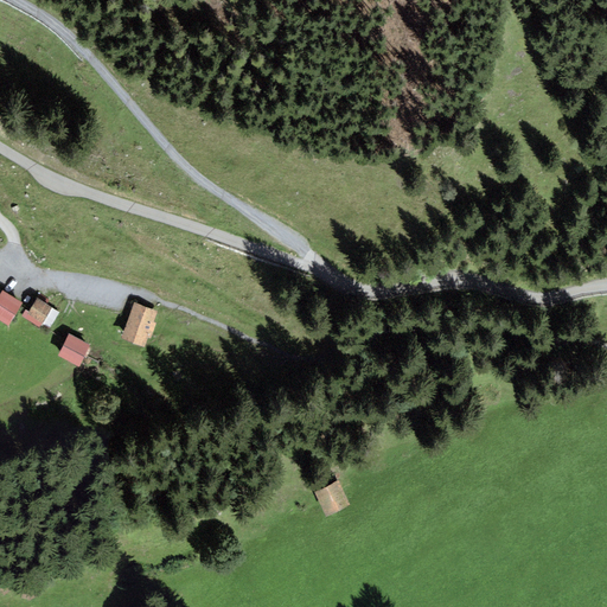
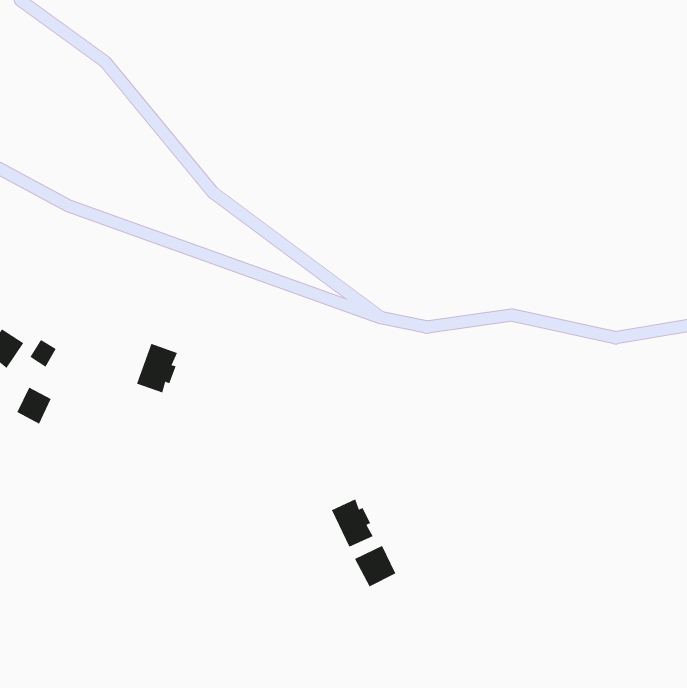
building: [57,333,88,366] -> [17,387,52,424]
building: none -> [331,499,374,547]

